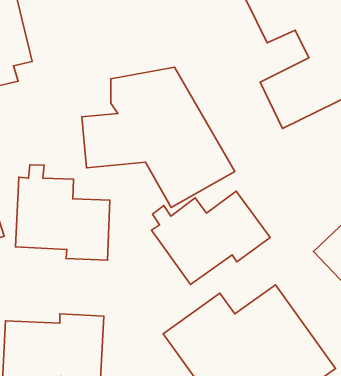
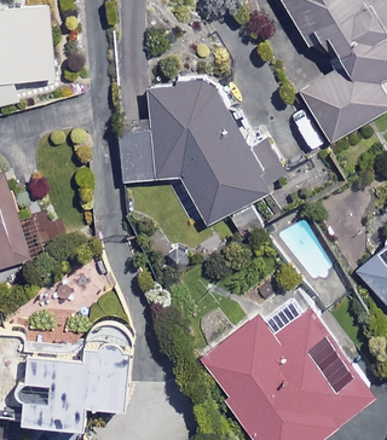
building: [15,165,110,260] -> none
building: [151,191,270,285] -> none

